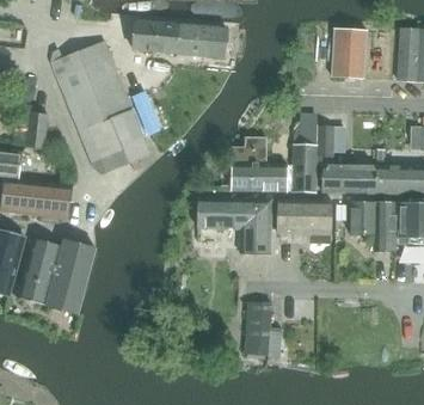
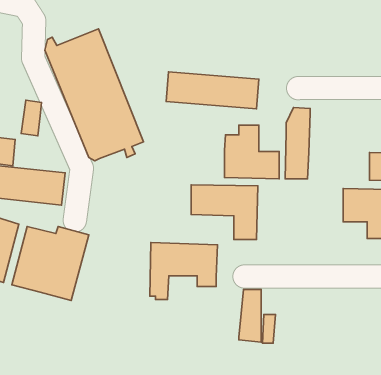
building: [133,20,226,57] -> [166,72,259,109]
building: [332,29,365,78] -> none
building: [315,125,376,192] -> none
building: [263,198,331,256] -> [150,242,217,300]

